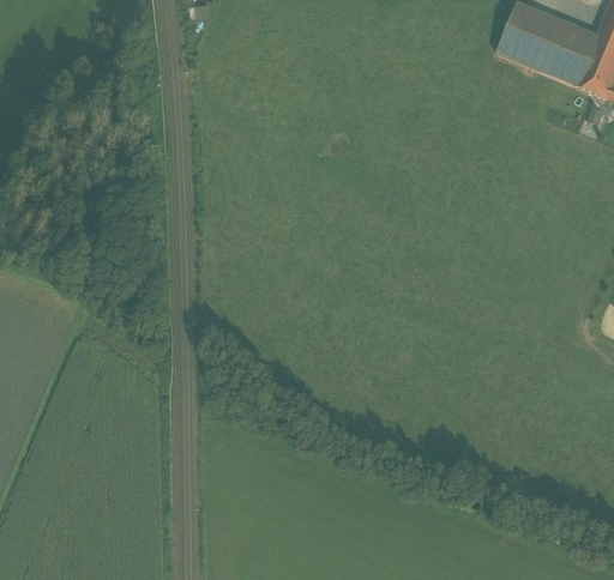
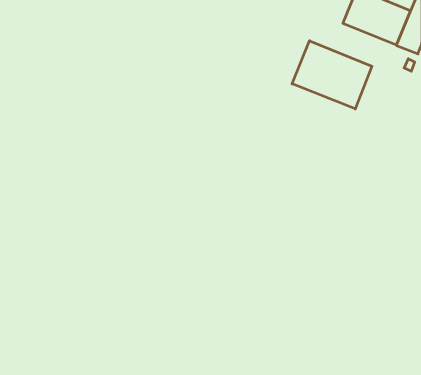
building: none -> [292,41,372,109]

